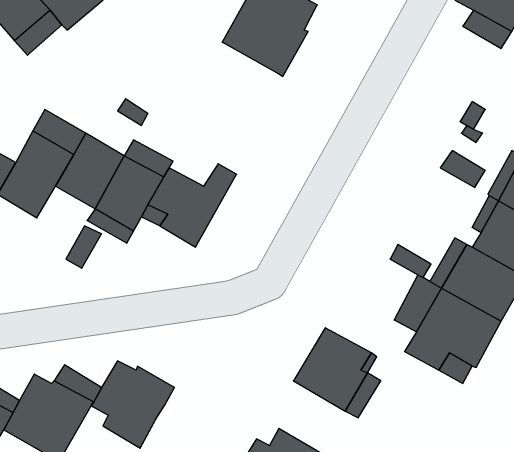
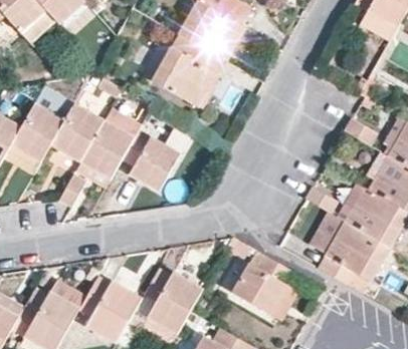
building: none -> [152,35,221,106]
building: none -> [135,268,204,334]

